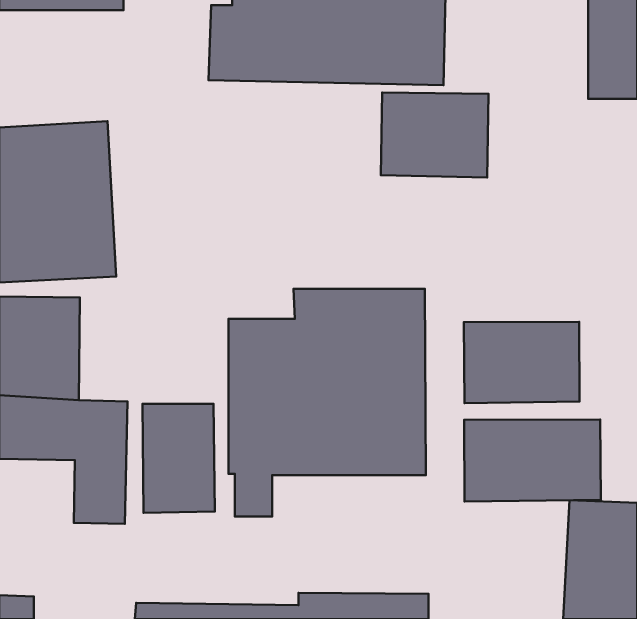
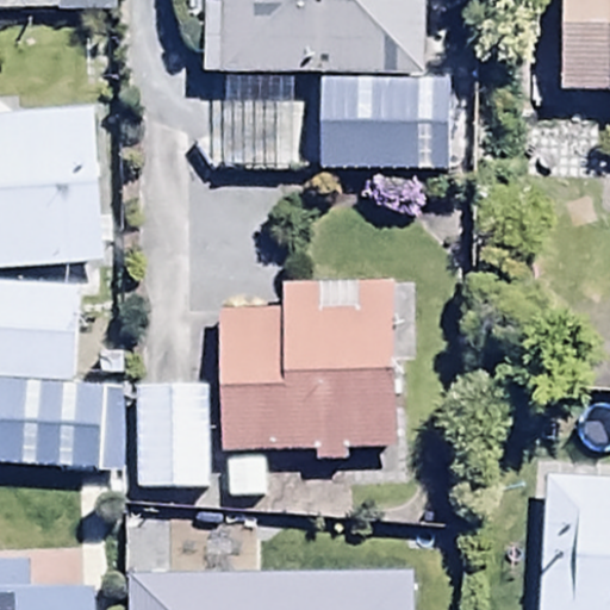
building: [464,322,580,403] -> none
building: [464,419,601,502] -> none

